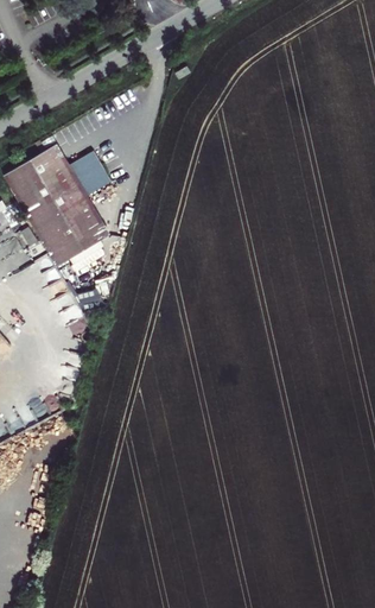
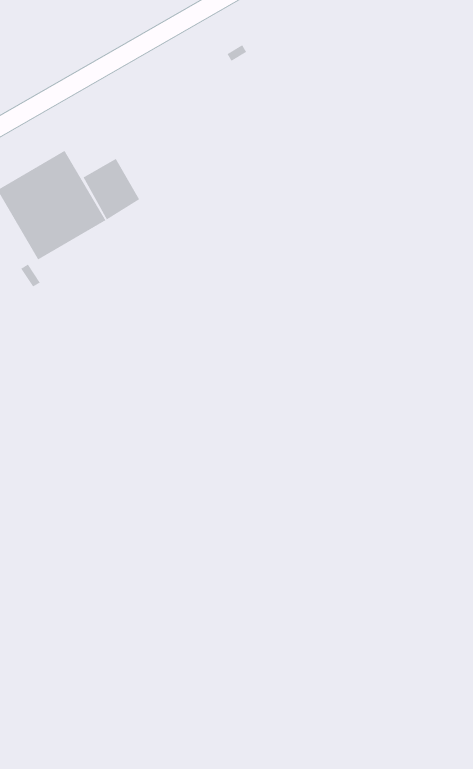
building: [34,197,108,265] -> none

